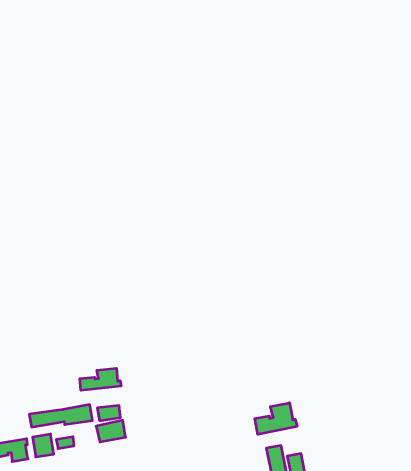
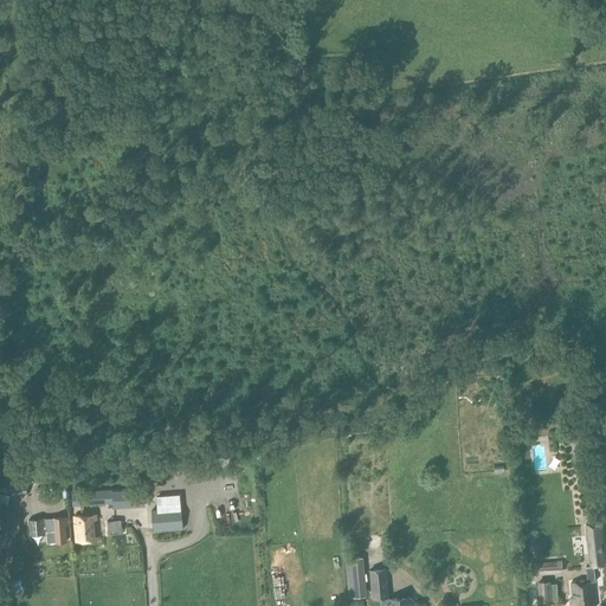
building: [80,368,121,390] -> none
building: [255,403,297,434] -> none

